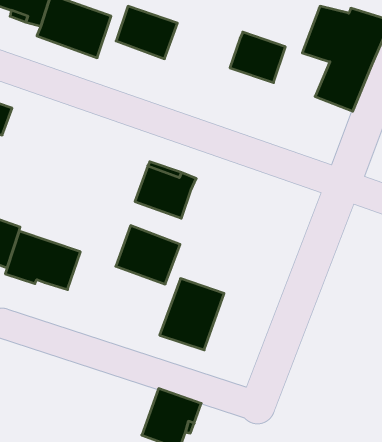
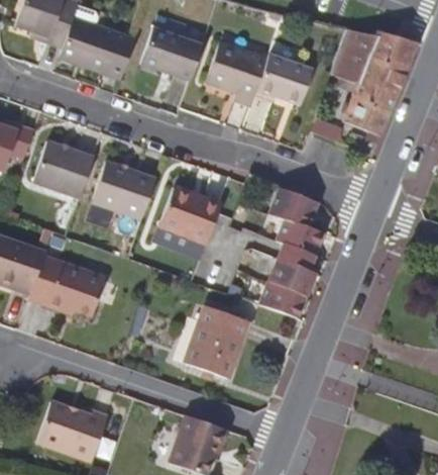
building: none -> [205,43,266,106]
building: none -> [32,139,95,198]
building: none -> [259,187,324,318]
building: [116,226,180,284] -> [91,160,156,219]
building: none -> [34,404,106,463]

